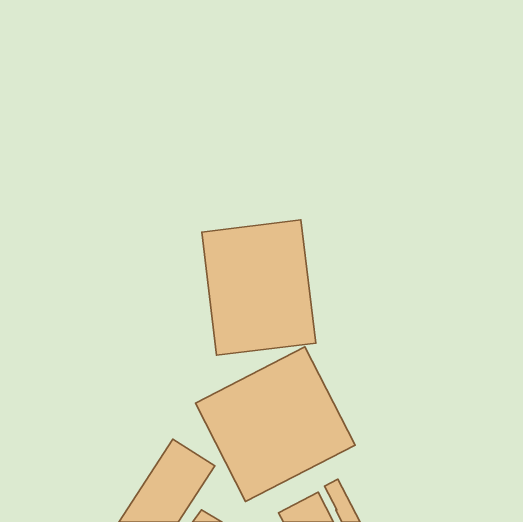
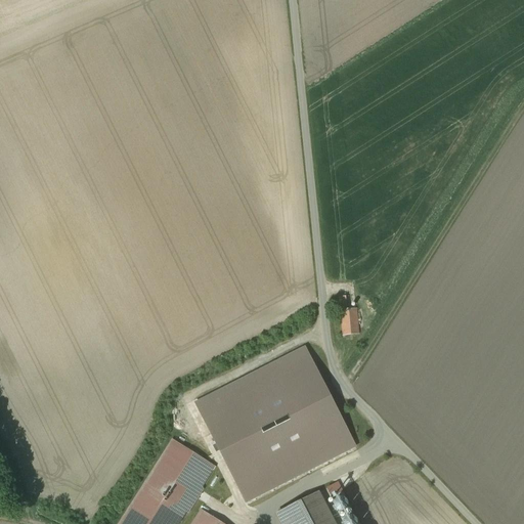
building: [202,220,316,355] -> none
building: none -> [340,308,359,335]

